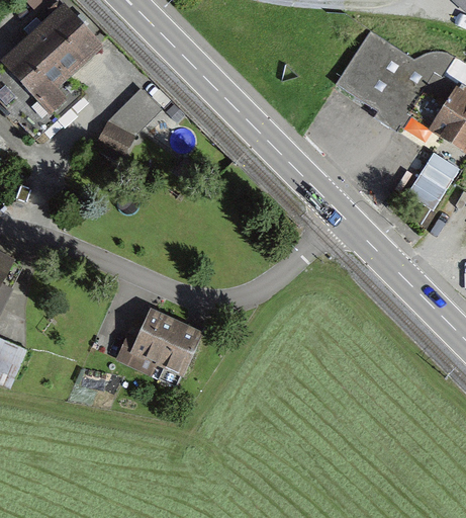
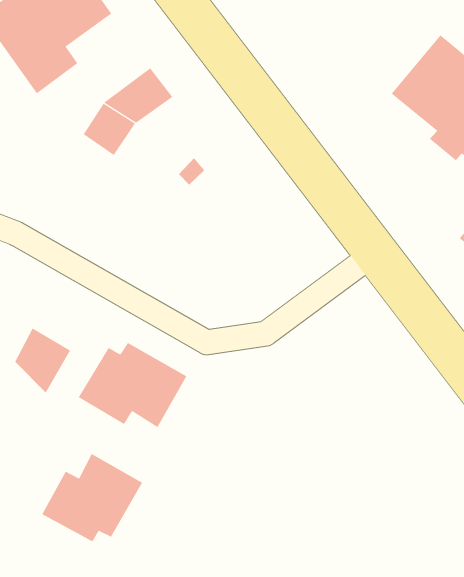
building: none -> [15,328,71,393]
building: none -> [41,453,143,542]

